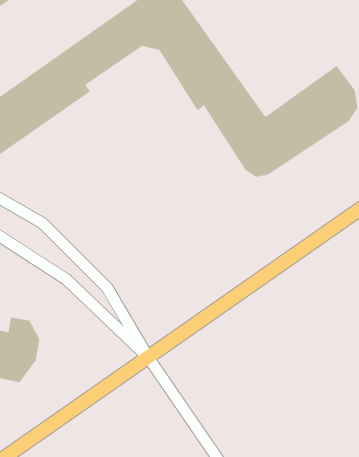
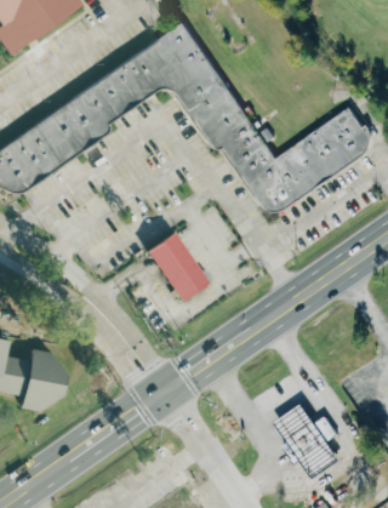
building: none -> [147,233,205,298]
building: none -> [276,405,341,480]

